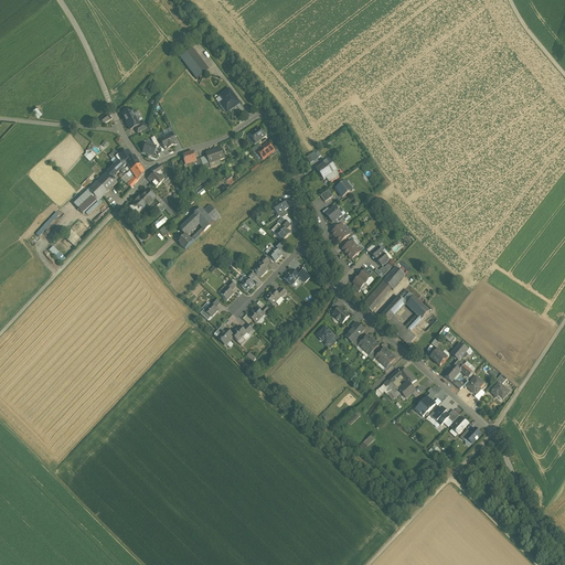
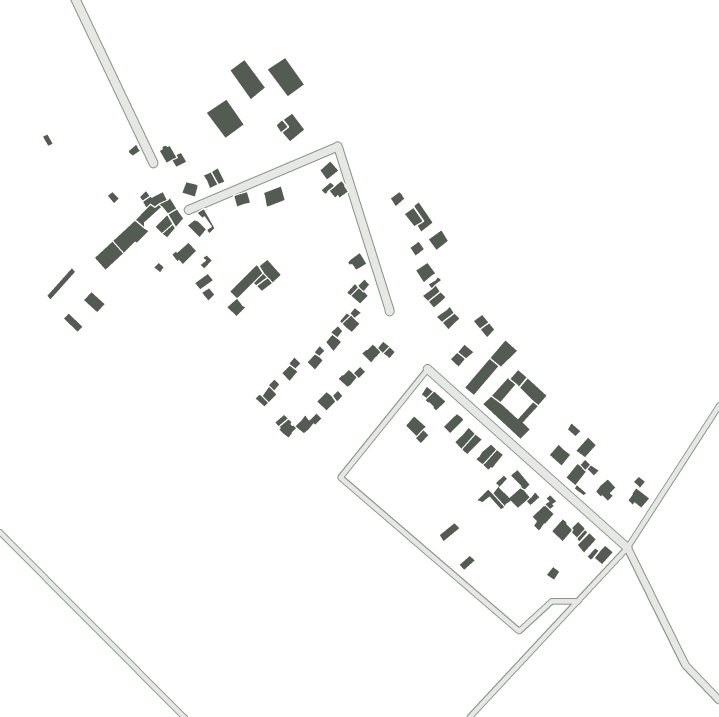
building: none -> [267,57,305,97]
building: none -> [206,99,245,139]

